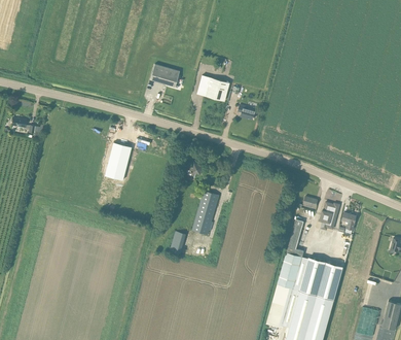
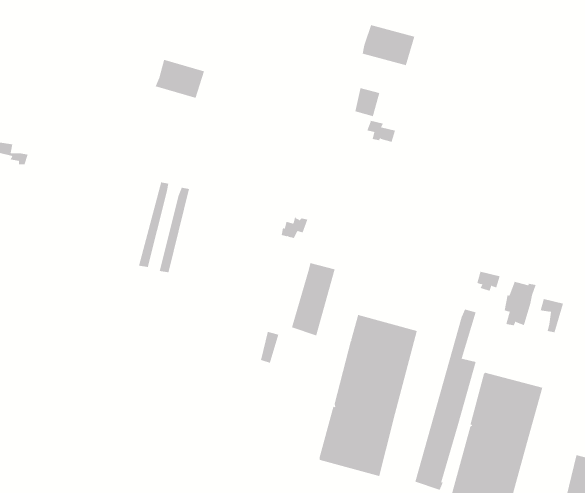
building: [150,63,180,87] -> [155,59,205,98]
building: [197,75,229,100] -> [362,25,415,66]
building: none -> [319,314,418,477]

